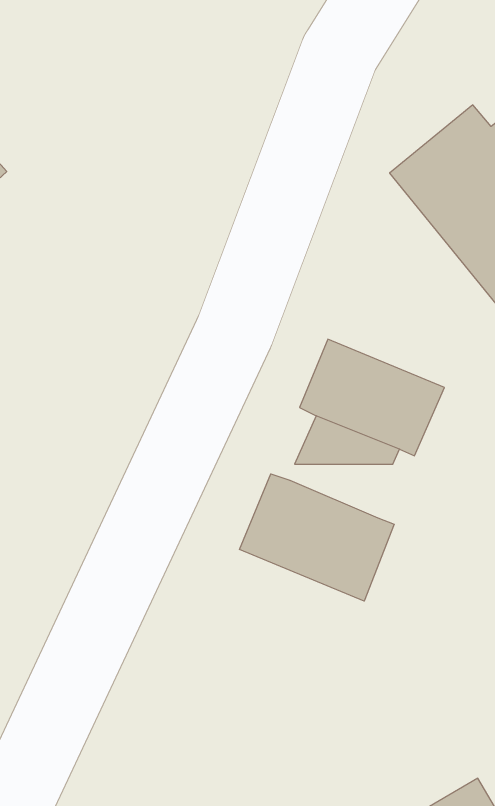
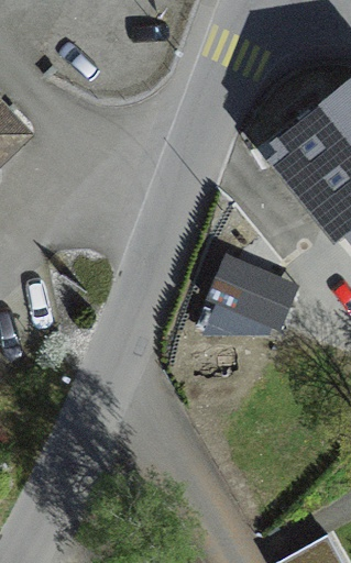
building: [240,474,394,601] -> none

